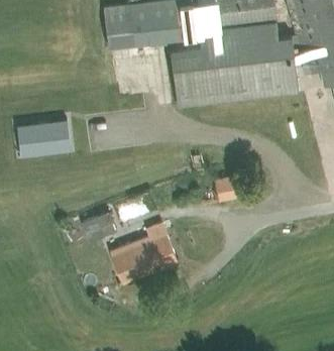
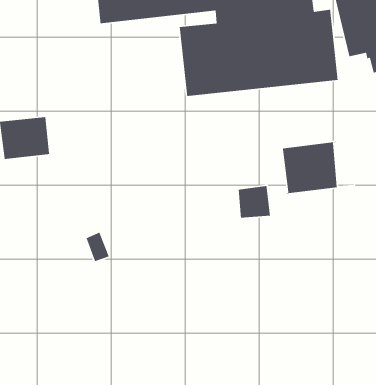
building: none -> [280,141,355,194]
building: [109,223,177,283] -> none

